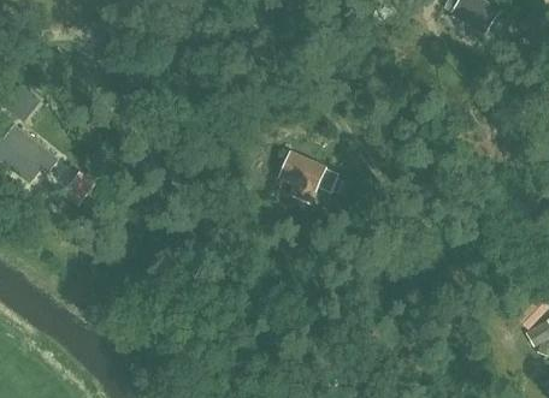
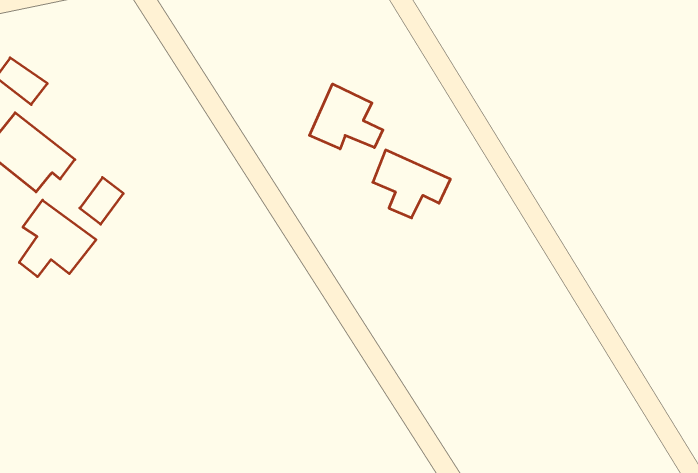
building: none -> [309,84,383,149]
building: none -> [19,200,96,277]

